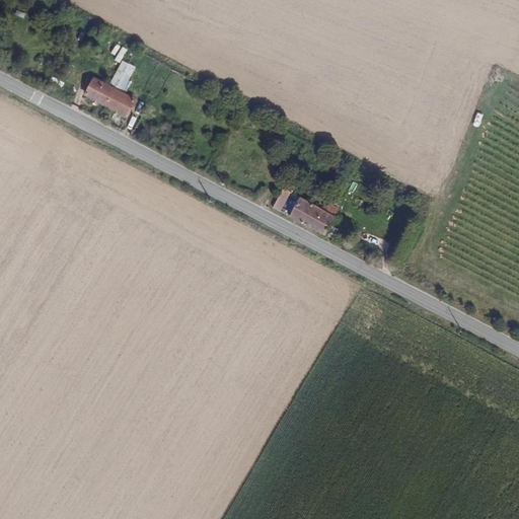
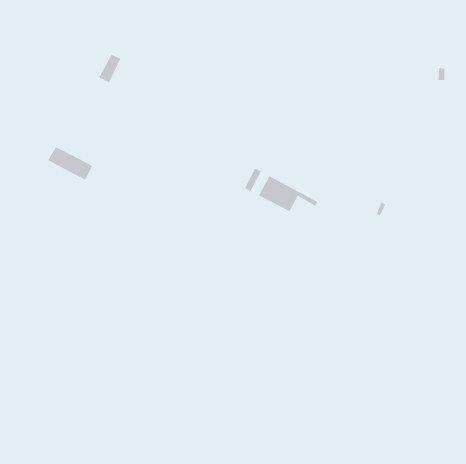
building: [84,78,135,116] -> [47,147,93,180]

